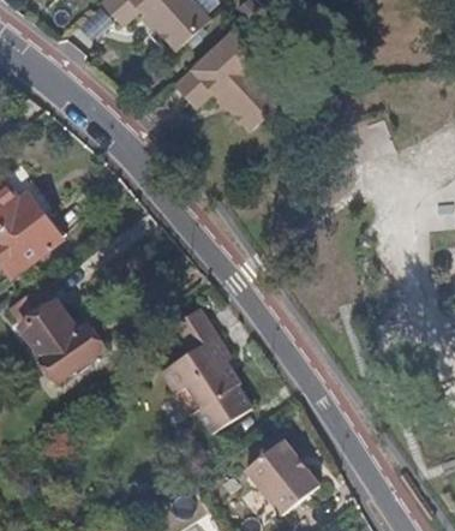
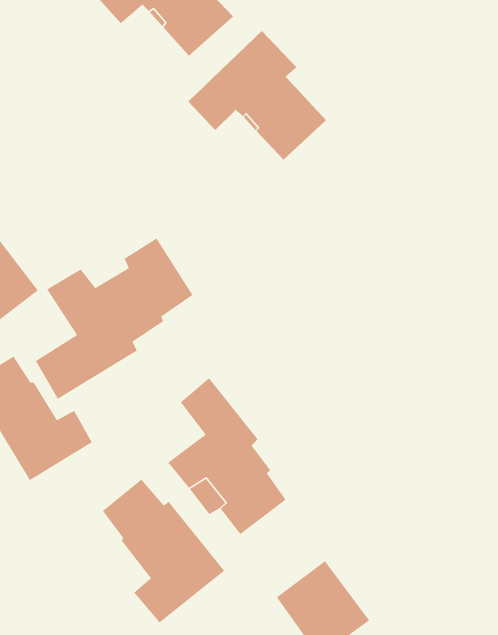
building: none -> [35,237,194,400]
building: none -> [102,479,225,623]

